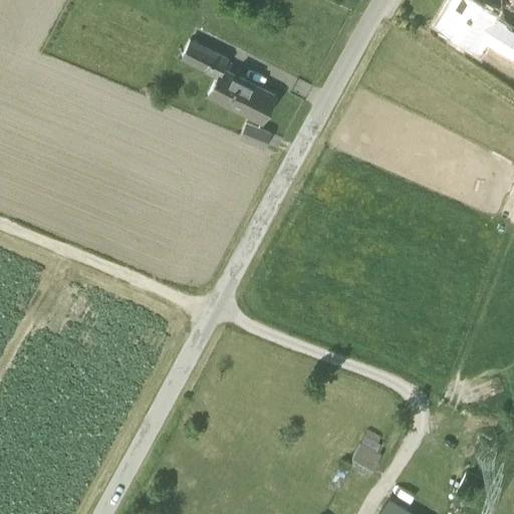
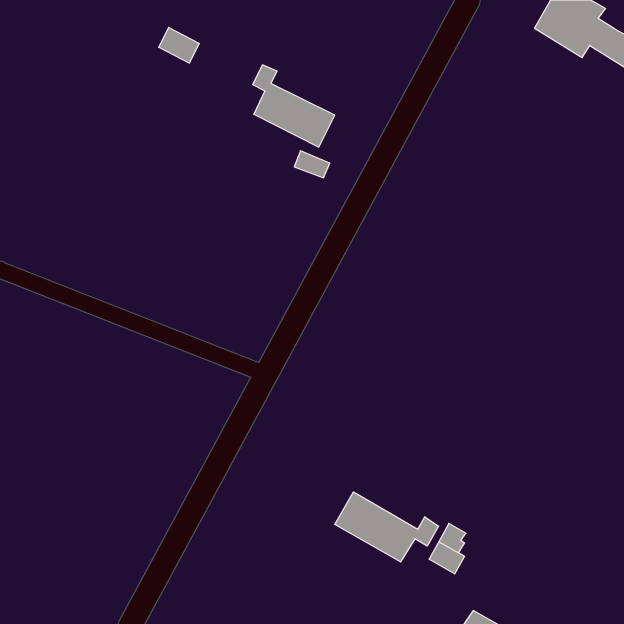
building: [184,42,217,71] -> [159,28,199,63]
building: none -> [335,492,439,562]

